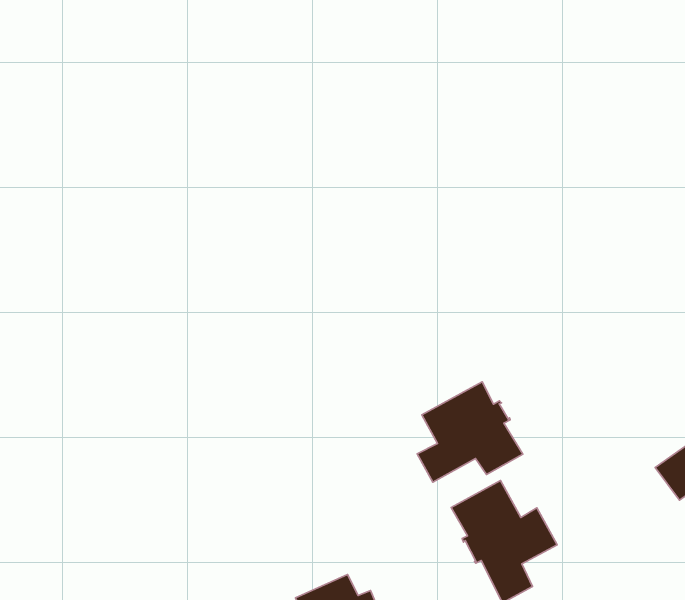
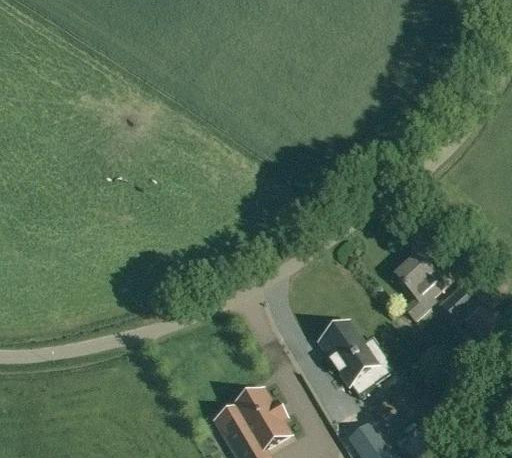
building: [417,382,523,482] -> none
building: none -> [393,252,443,315]

